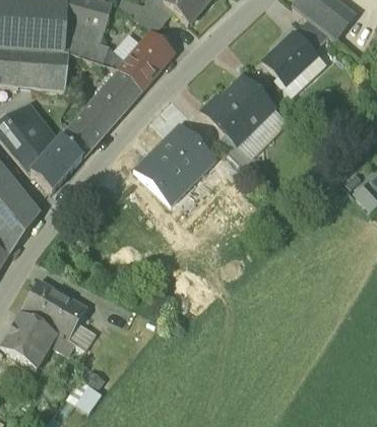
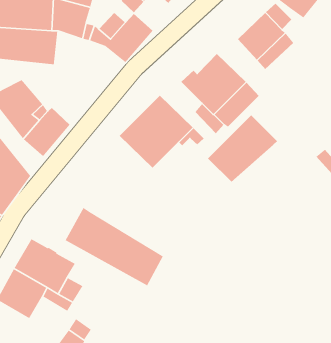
building: [62,69,142,155] -> none
building: none -> [207,115,278,182]
building: none -> [65,207,164,286]

